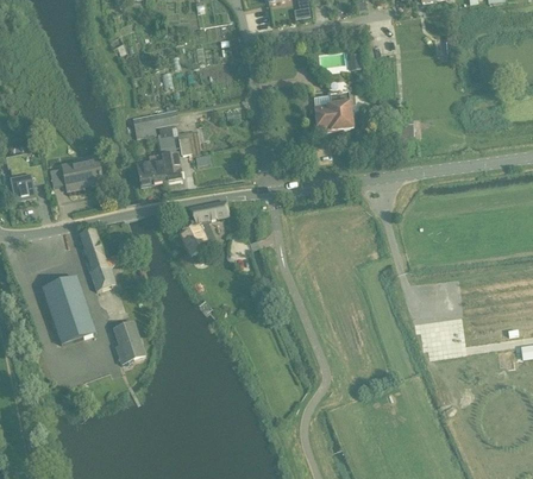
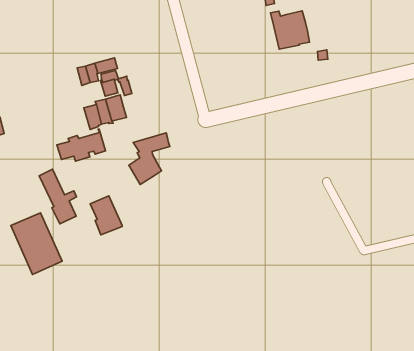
building: [312,88,352,131] -> [271,11,310,49]
building: [49,156,102,189] -> [57,129,105,161]
building: [112,319,145,361] -> [90,196,122,235]

